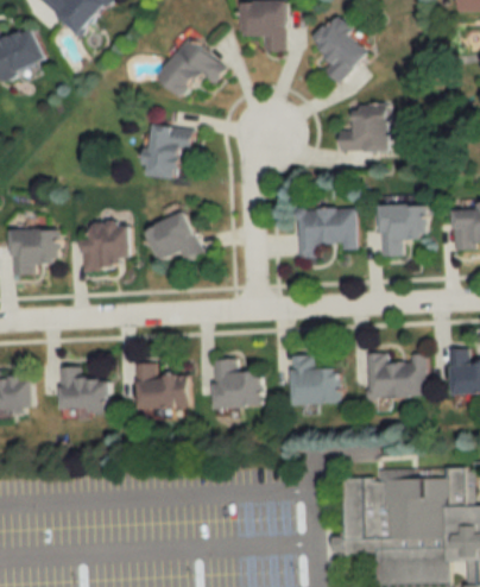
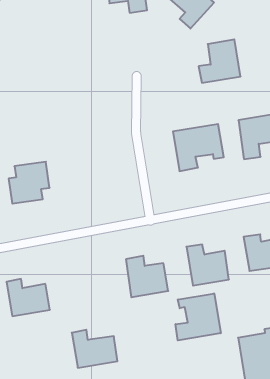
building: [158,37,225,96] -> none
building: [146,122,194,178] -> none
building: [146,213,202,261] -> none
building: [137,362,189,409] -> [72,330,117,368]
building: none -> [176,293,221,340]

